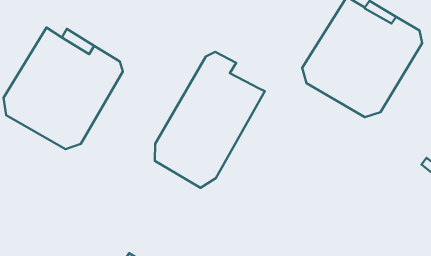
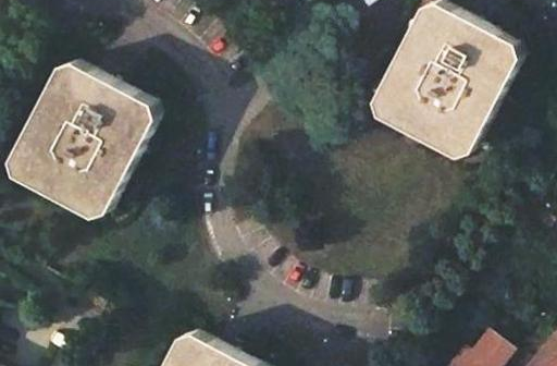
building: [155,52,265,188] -> none

